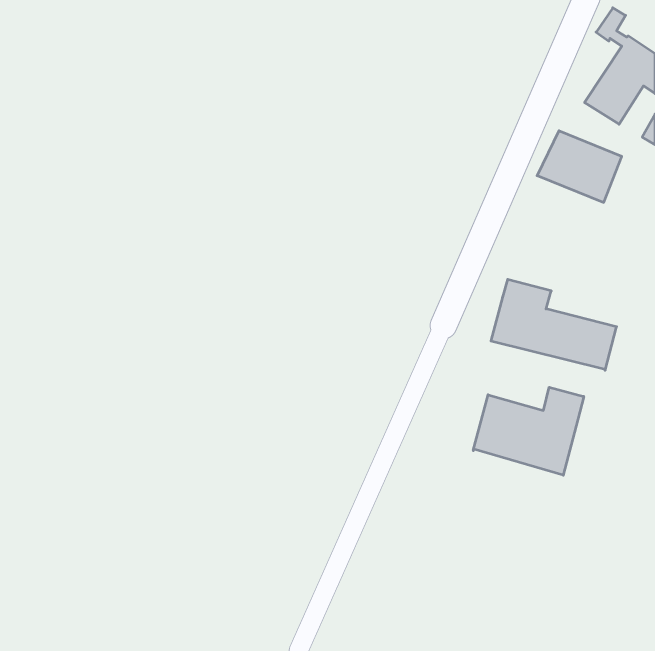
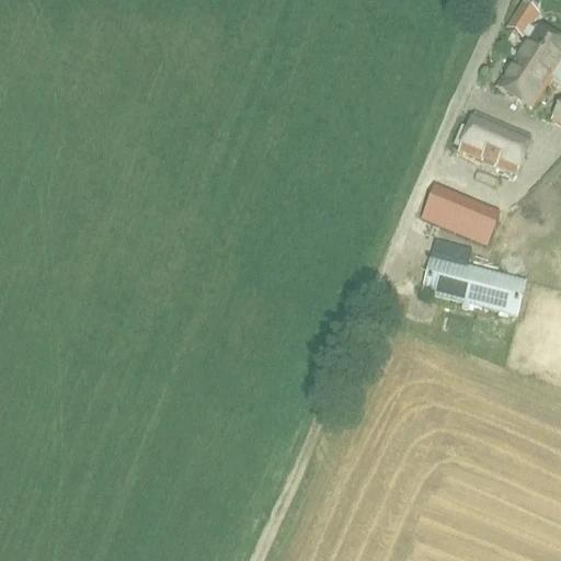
building: none -> [433,185,492,228]
building: [473,387,584,475] -> none

